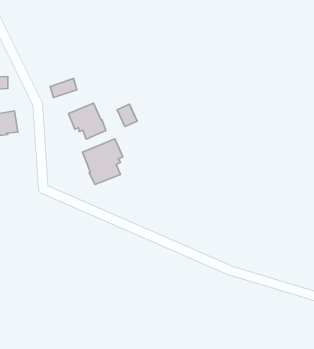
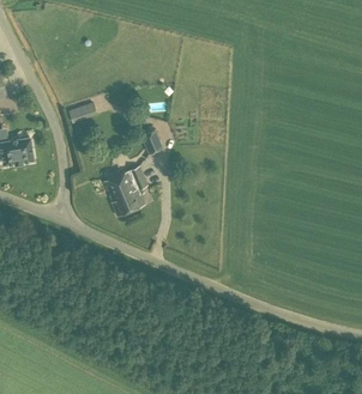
building: [69,103,106,139] -> none

